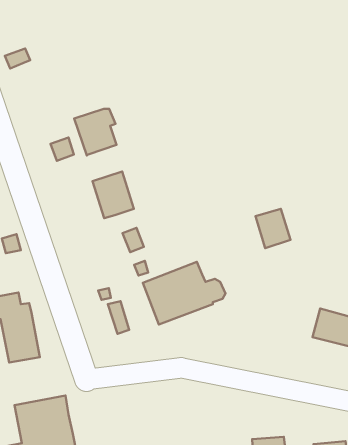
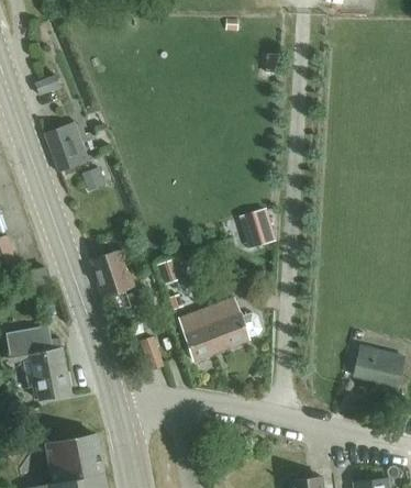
building: [74,109,117,156] -> [43,123,87,171]
building: [92,172,134,218] -> [91,248,134,297]
building: [256,209,291,248] -> [240,207,276,247]

